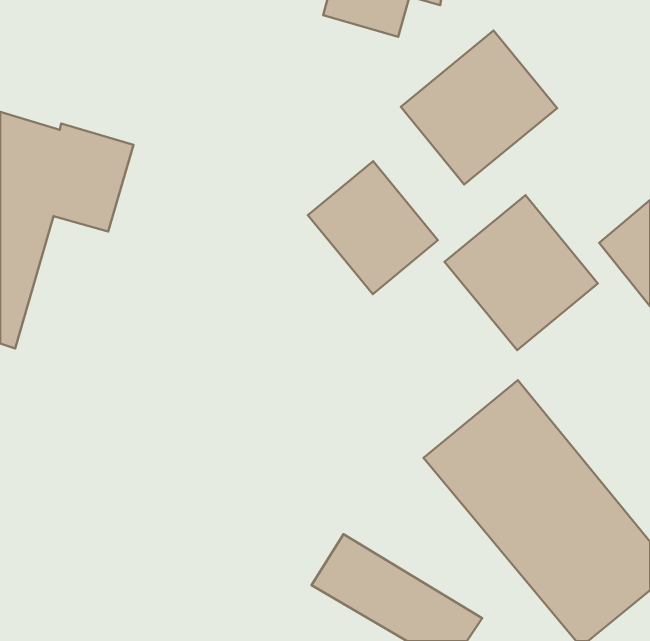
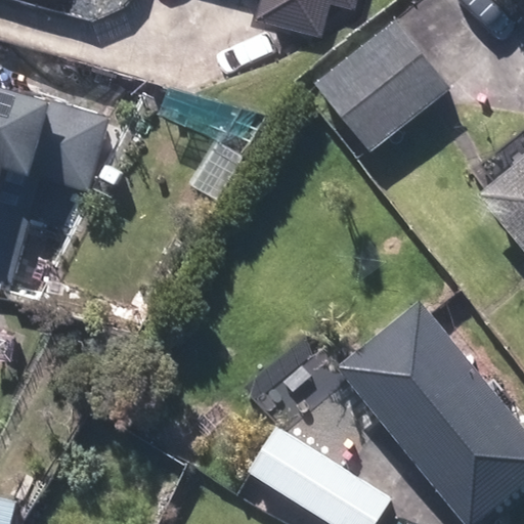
building: [308,161,438,294] -> none
building: [444,195,598,350] -> none

